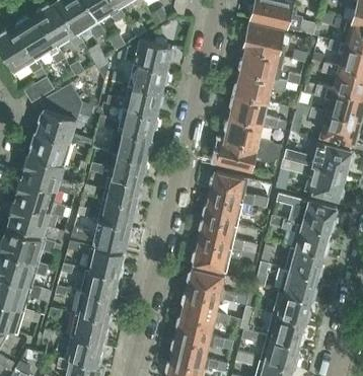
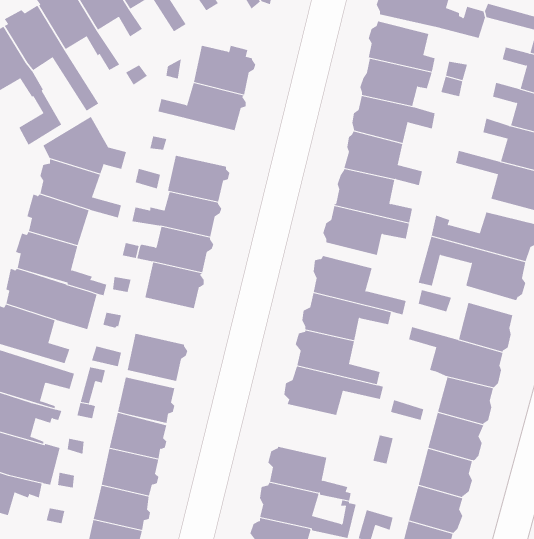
building: [124,85,163,116] -> none
building: [98,198,137,227] -> none
building: [187,268,235,302] -> none

